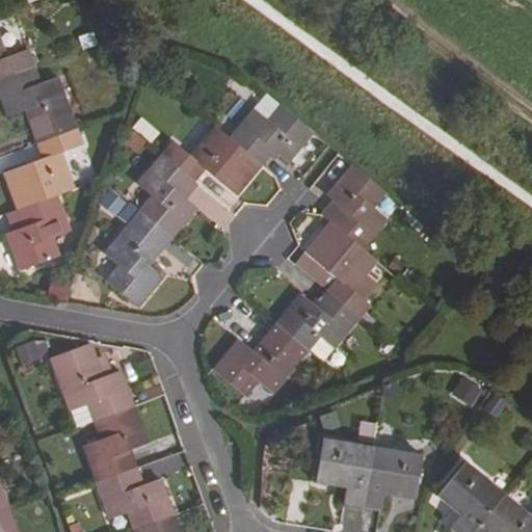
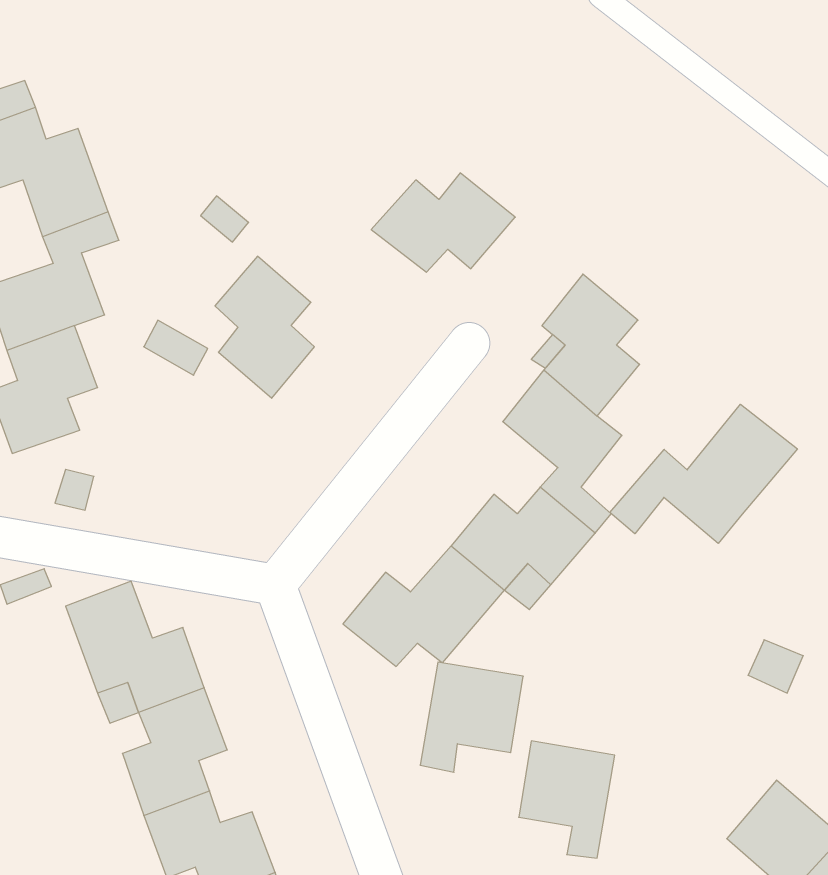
building: [163,126,262,192] -> none
building: [106,210,171,307] -> none
building: none -> [610,404,797,543]
building: [362,446,422,510] -> [420,662,523,772]

